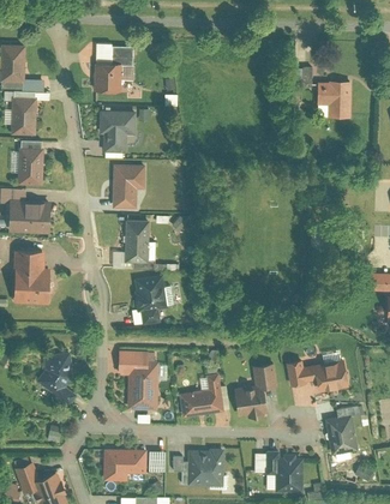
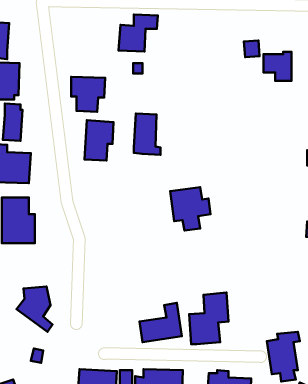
building: [91,48,137,91] -> [118,14,158,52]
building: [124,222,155,270] -> [134,114,161,155]
building: [125,277,172,328] -> [170,187,210,231]
building: [126,358,160,409] -> none
building: [288,361,352,395] -> none

